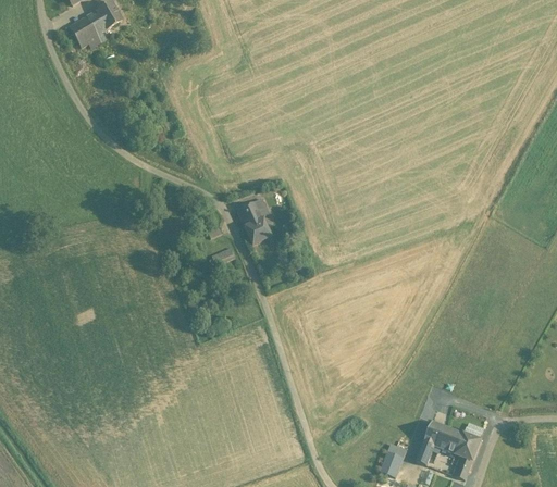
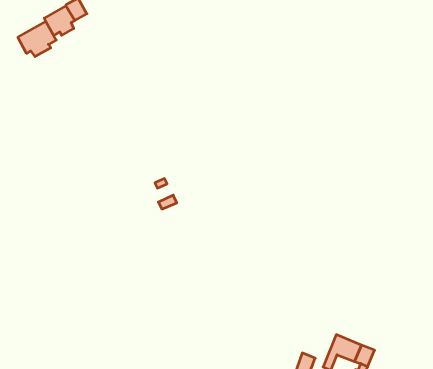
building: none -> [18,22,56,57]
building: [236,199,271,246] -> none

